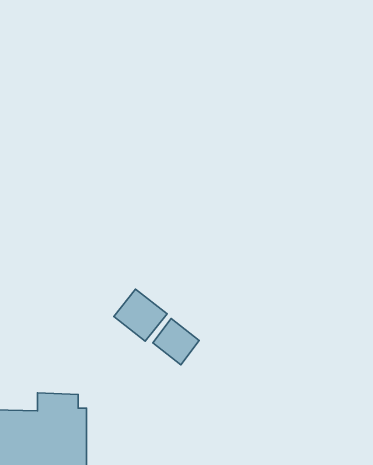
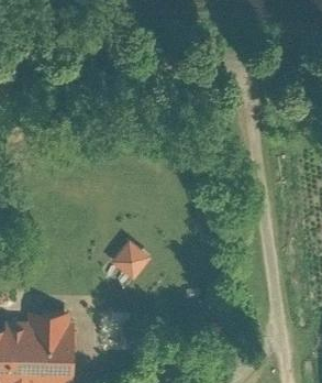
building: [153,318,199,365] -> none

